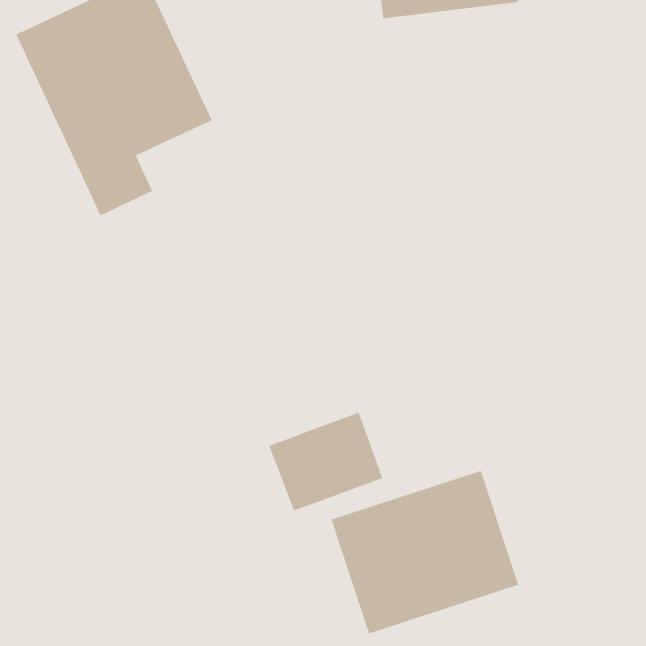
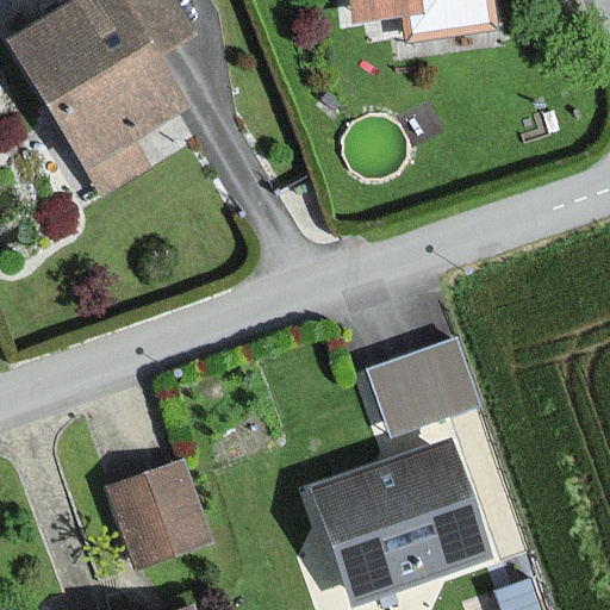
building: [268,411,383,511] -> [368,337,477,431]
building: none -> [114,472,204,568]

